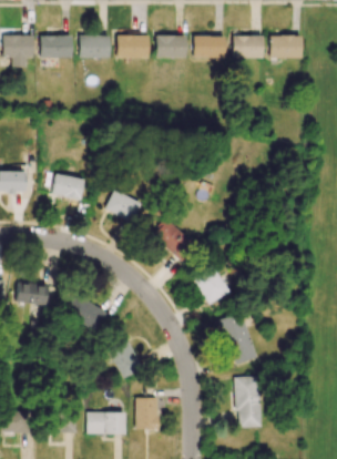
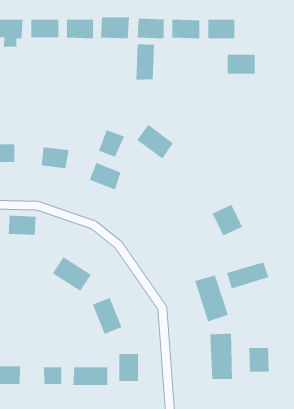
building: [270,35,302,58] -> [227,54,256,74]
building: none -> [135,43,155,80]
building: none -> [98,129,125,158]
building: [153,221,194,259] -> [136,124,174,160]
building: [194,268,228,304] -> [212,204,243,237]
building: [17,283,48,305] -> [8,215,36,235]
building: none -> [226,261,269,290]
building: none -> [249,347,269,372]

